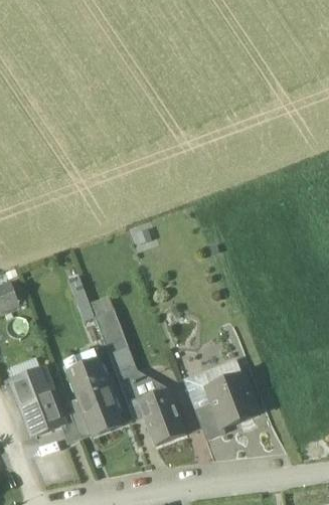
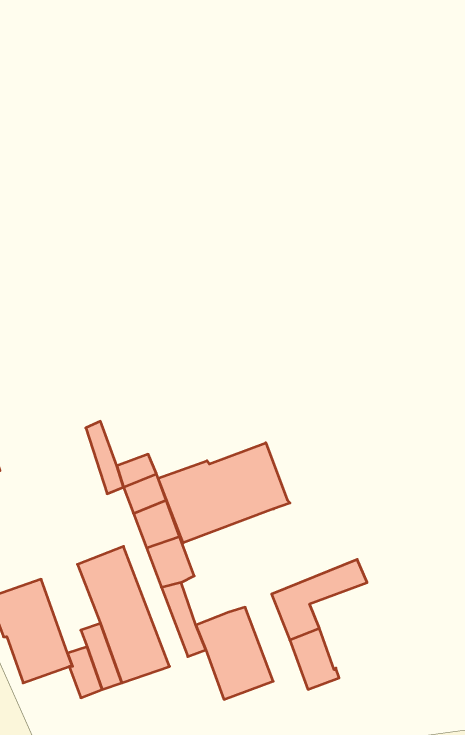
building: none -> [158,443,290,543]
building: [130,369,159,399] -> none
building: [208,373,257,427] -> none

